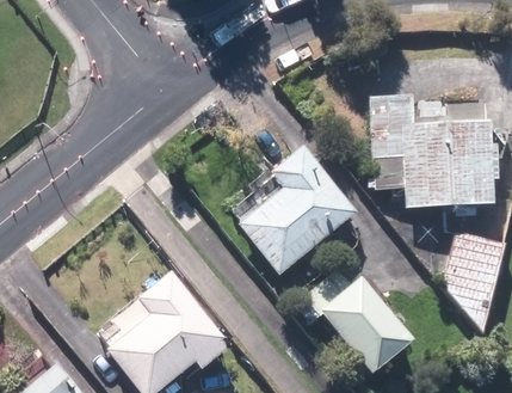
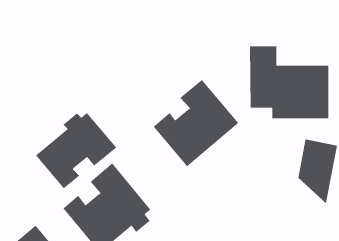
building: none -> [35,112,117,189]
building: [291,269,414,376] -> none

